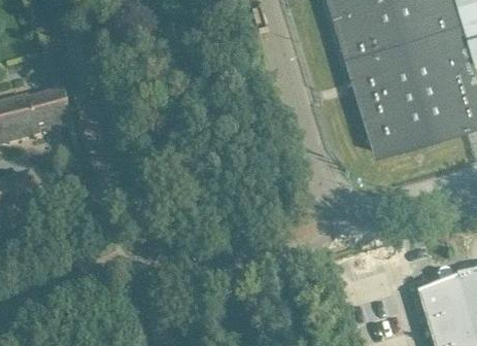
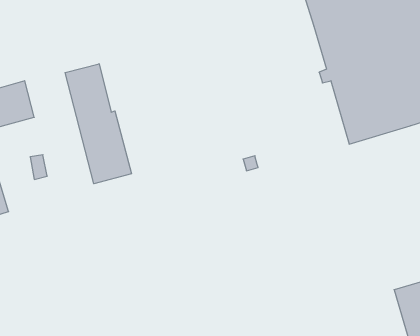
building: none -> [65,64,132,184]

